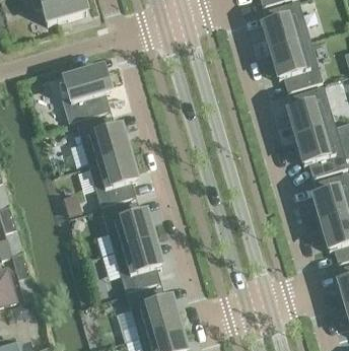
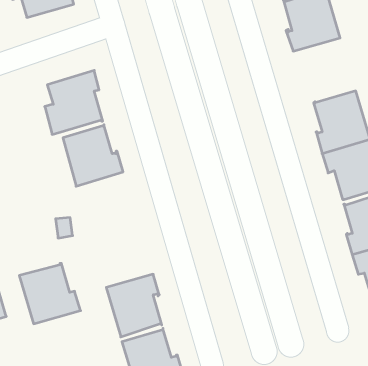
building: [271,43,323,93] -> none
building: [88,155,136,208] -> none
building: [101,202,153,253] -> [19,263,81,324]

